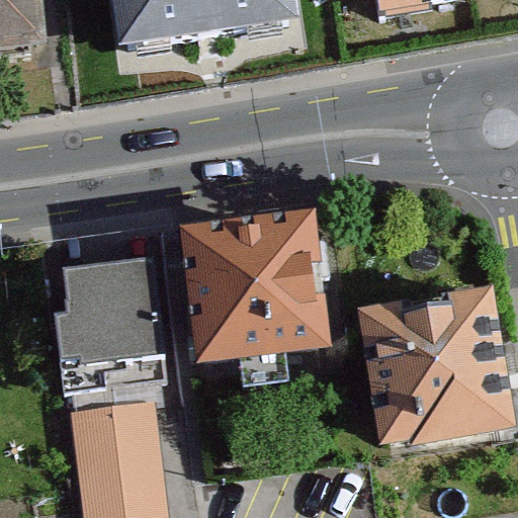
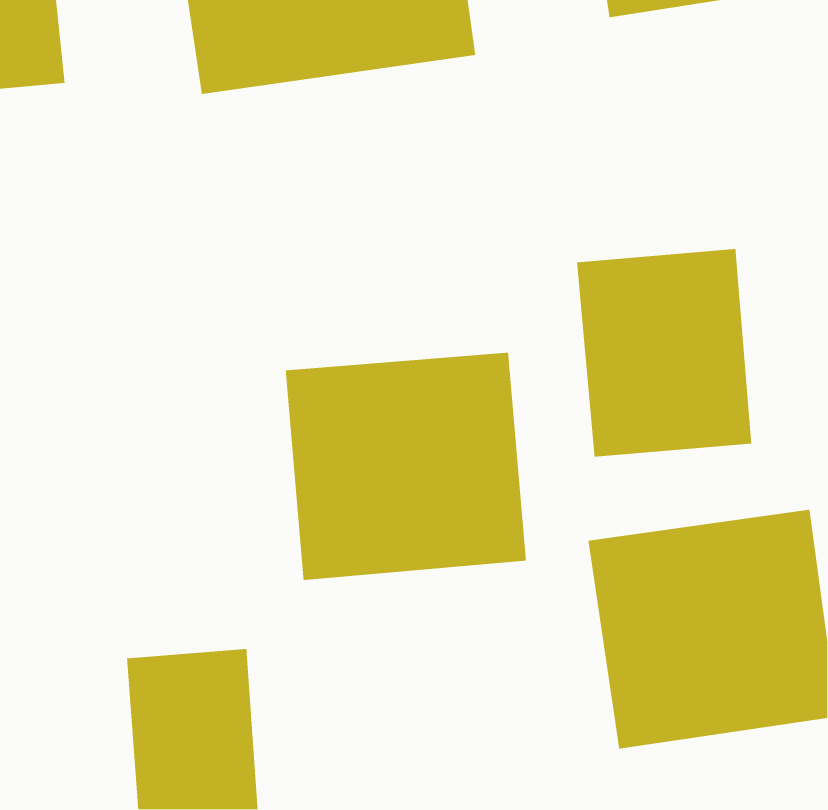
building: none -> [576,248,752,457]
building: [64,270,158,366] -> none

